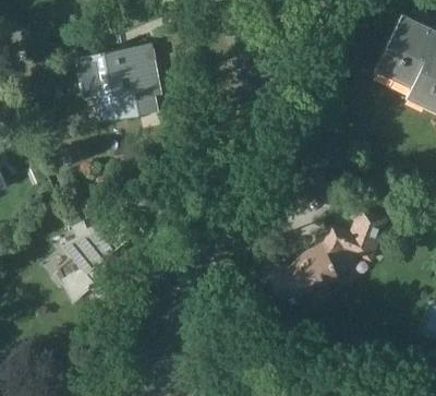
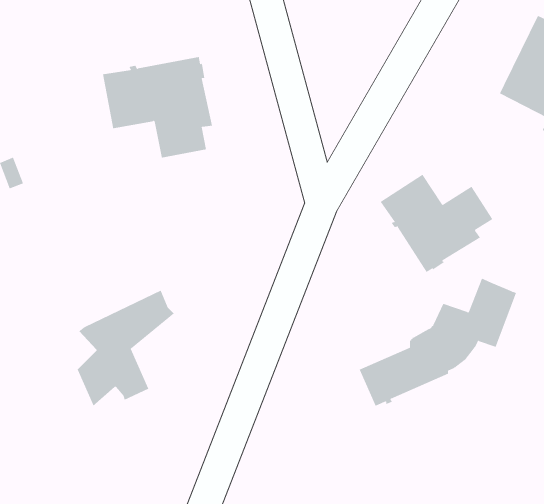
building: none -> [380,174,493,273]

